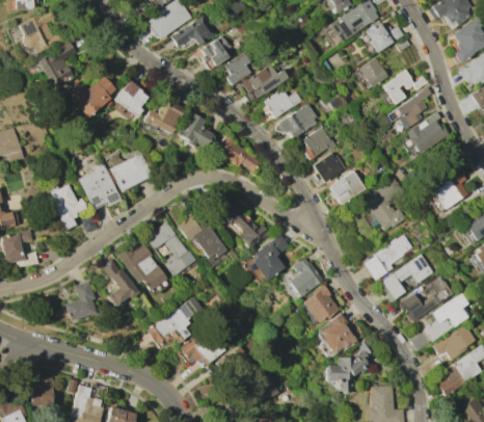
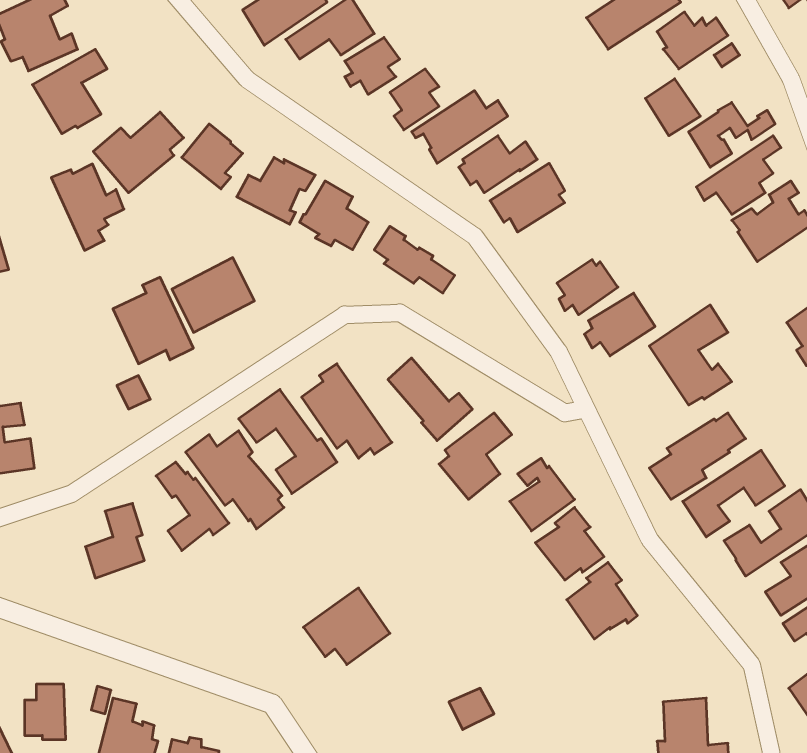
building: [301,126,338,160] -> none
building: [48,183,86,229] -> [51,164,124,250]
building: [146,295,204,344] -> none
building: [327,338,375,394] -> none

